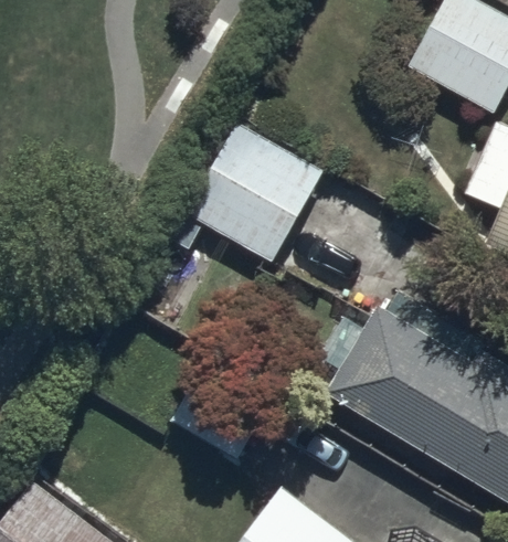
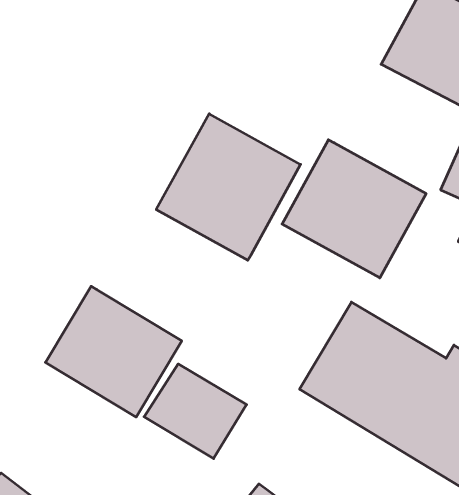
building: none -> [282,140,426,278]
building: none -> [45,286,182,417]

